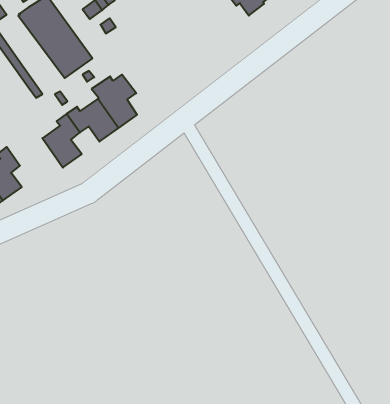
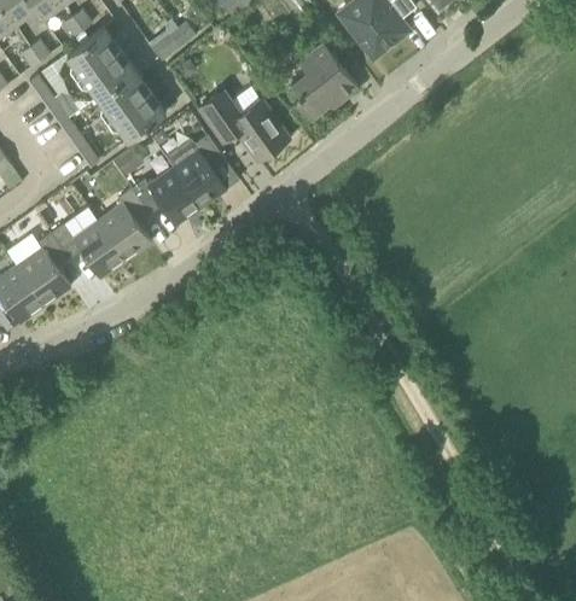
building: none -> [292,42,359,119]
building: none -> [196,88,289,161]
building: none -> [50,220,126,278]

